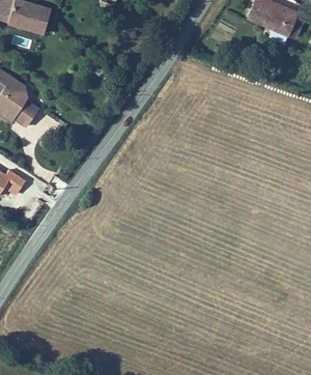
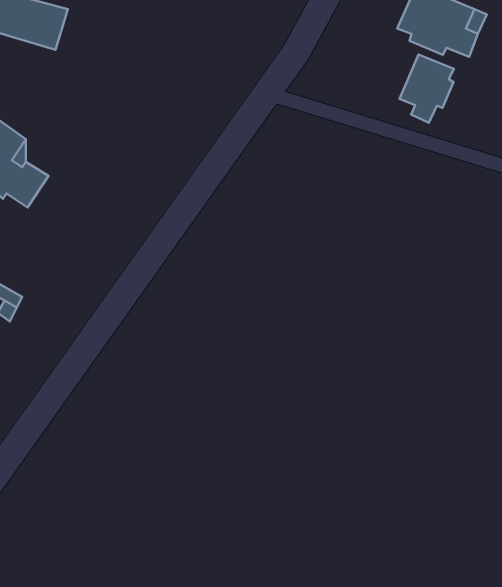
building: none -> [400,54,454,123]

